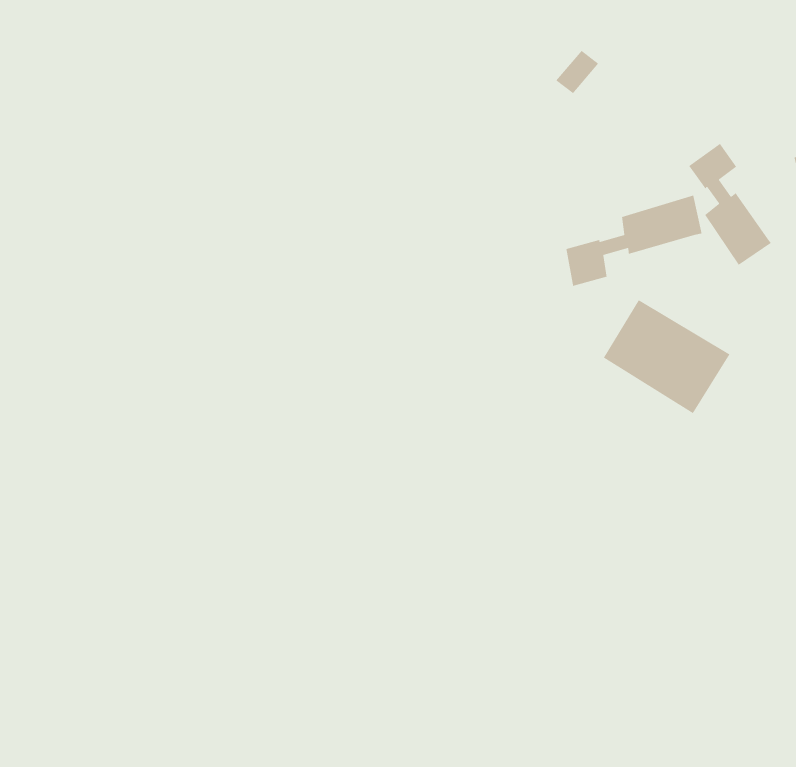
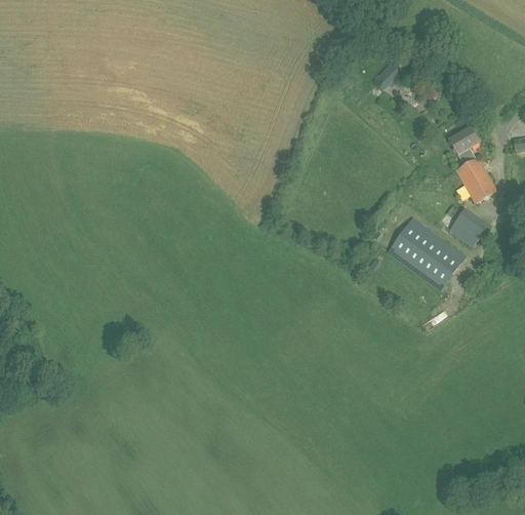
building: [565,194,702,287] -> none
building: none -> [449,207,488,245]

